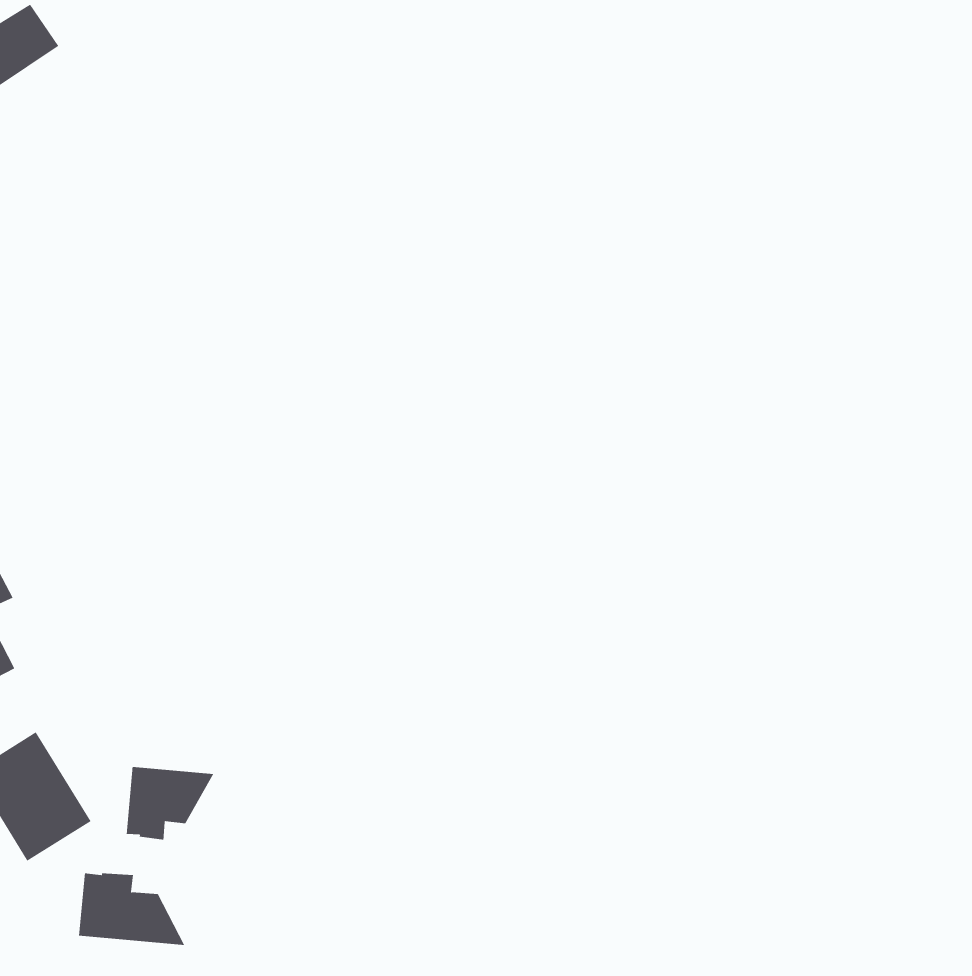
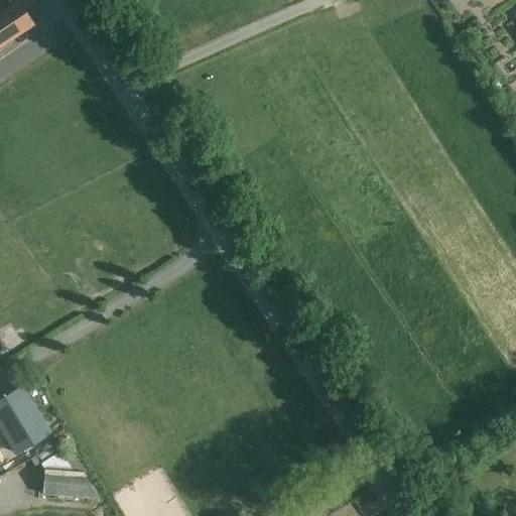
building: [126,766,214,841] -> none

